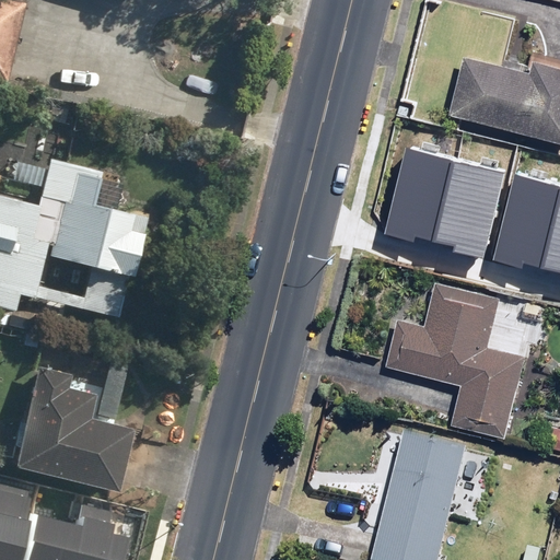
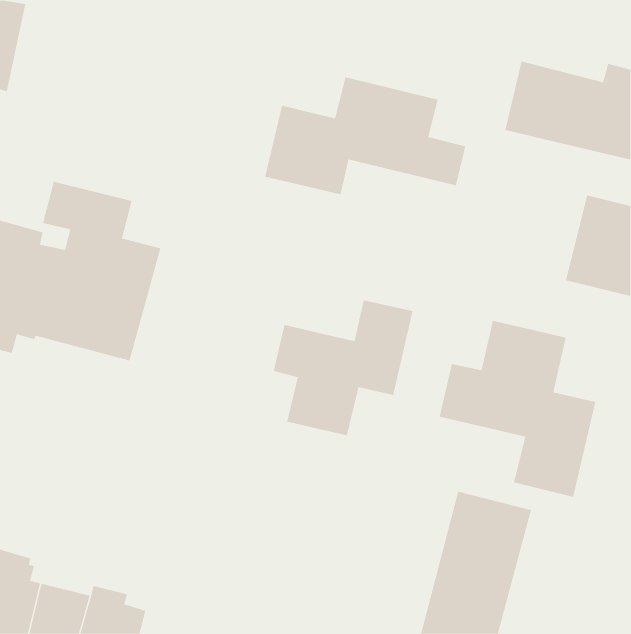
building: none -> [264,77,466,195]
building: [390,149,500,245] -> none
building: none -> [273,300,413,436]
building: [11,369,133,493] -> none

